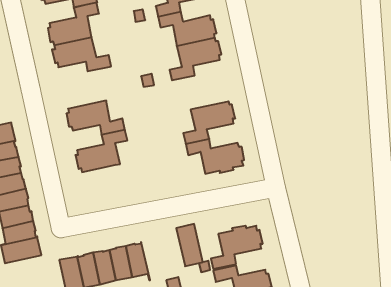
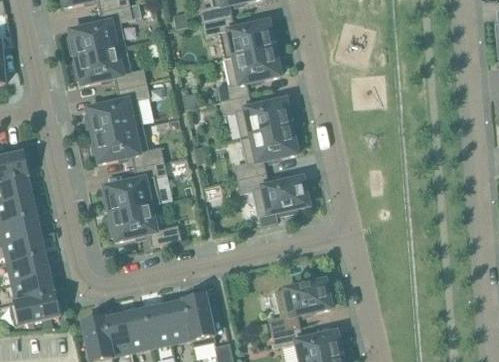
building: none -> [84,83,147,135]
building: none -> [220,94,292,136]
building: none -> [107,204,182,245]
building: [176,224,203,266] -> [182,294,215,346]

